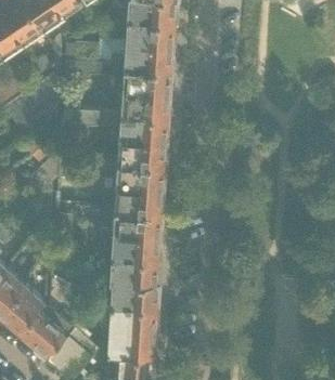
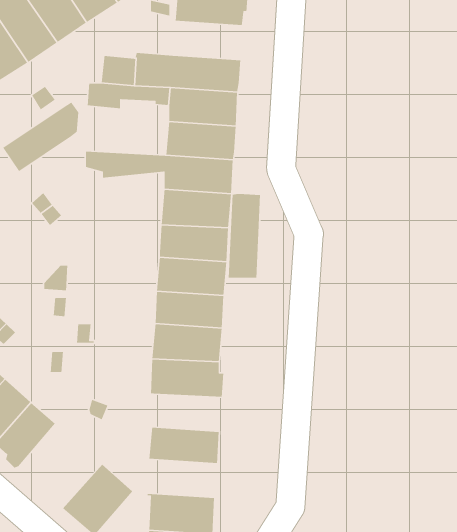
building: [126,18,175,45] -> none
building: none -> [228,193,261,279]
building: [111,280,160,306] -> none
building: [17,301,73,358] -> none
building: [107,326,157,353] -> none

